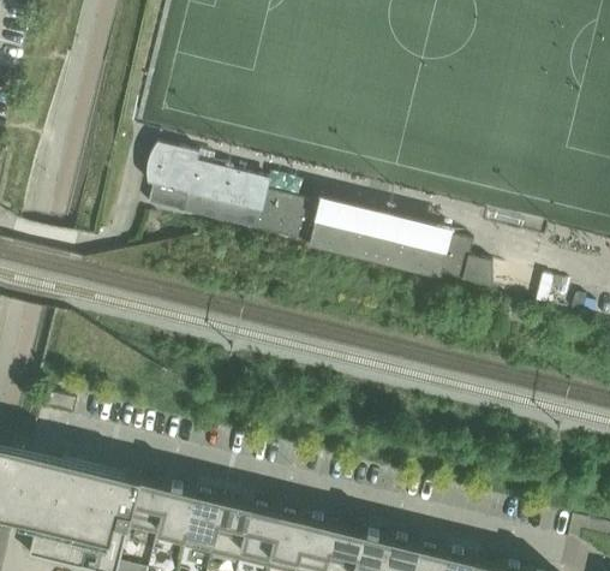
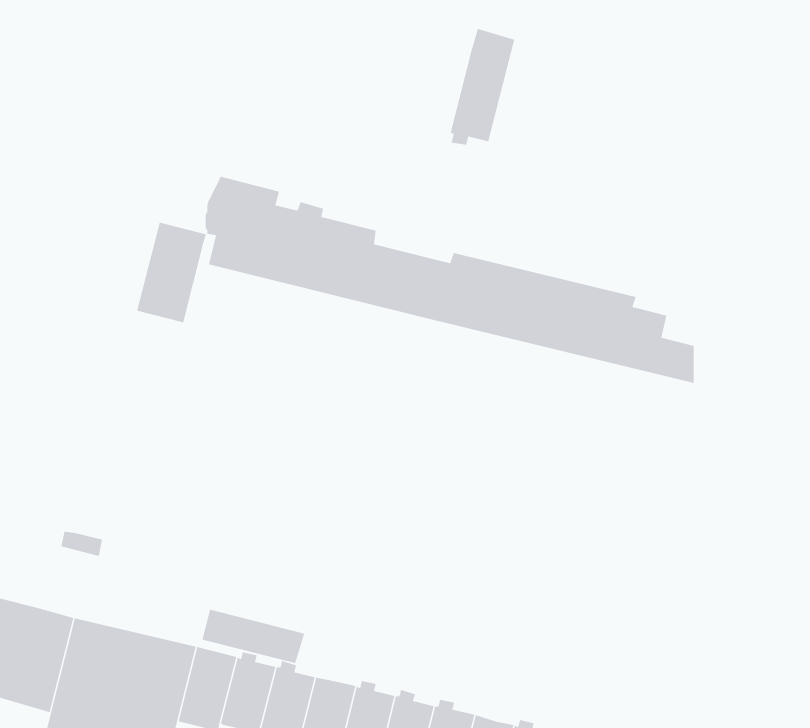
building: none -> [450,28,515,146]
building: none -> [137,222,207,323]
building: none -> [202,609,305,664]

